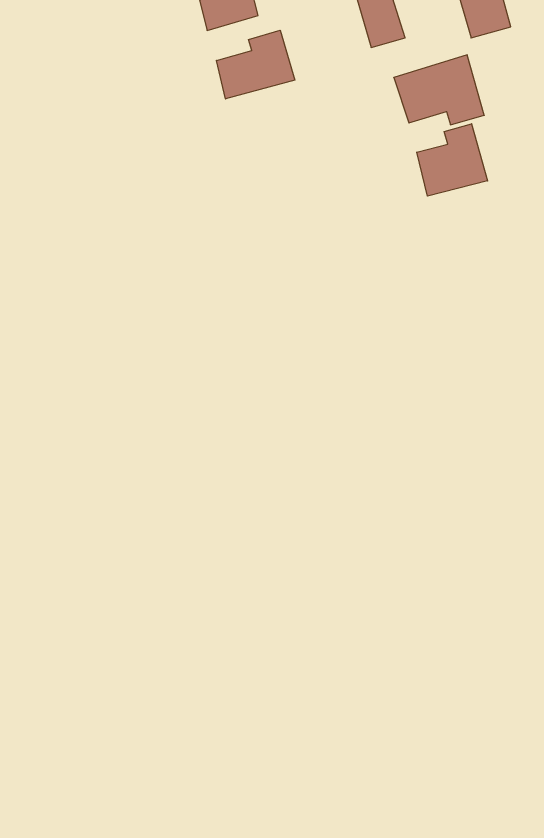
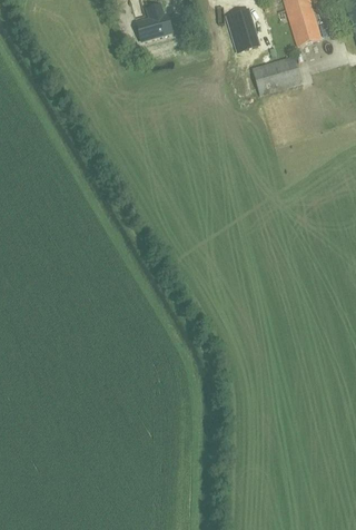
building: [216,30,295,99] -> none
building: [417,124,488,196] -> none

